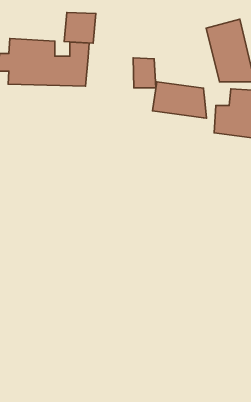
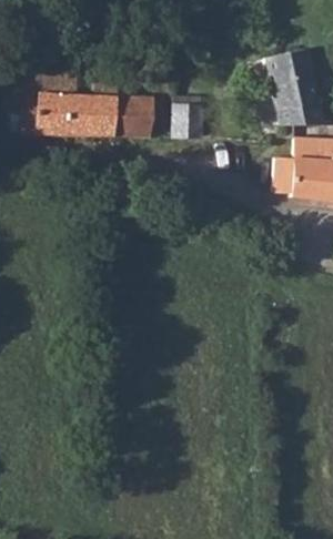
building: [64,12,96,43] -> [111,98,151,136]
building: [152,82,207,118] -> none

